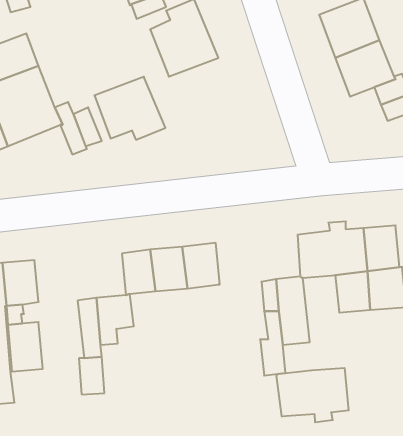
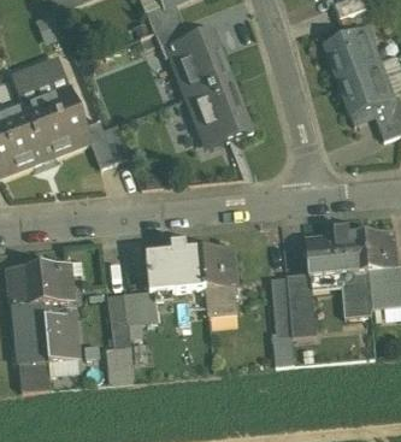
building: [94,77,165,140] -> [189,79,253,136]
building: none -> [206,283,236,314]
building: [277,368,349,422] -> none

